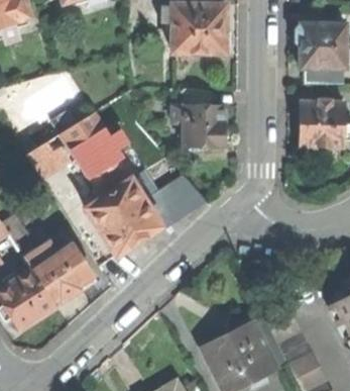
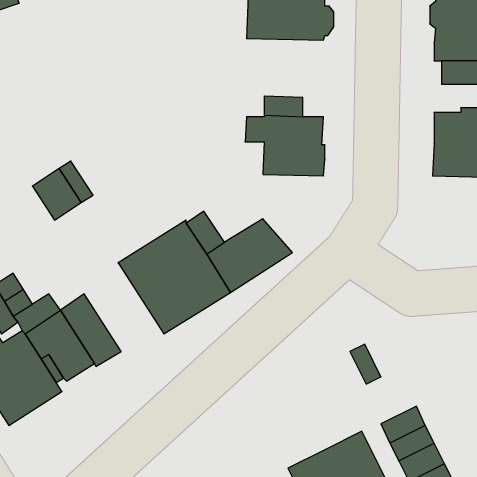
building: [62,113,132,193] -> none

